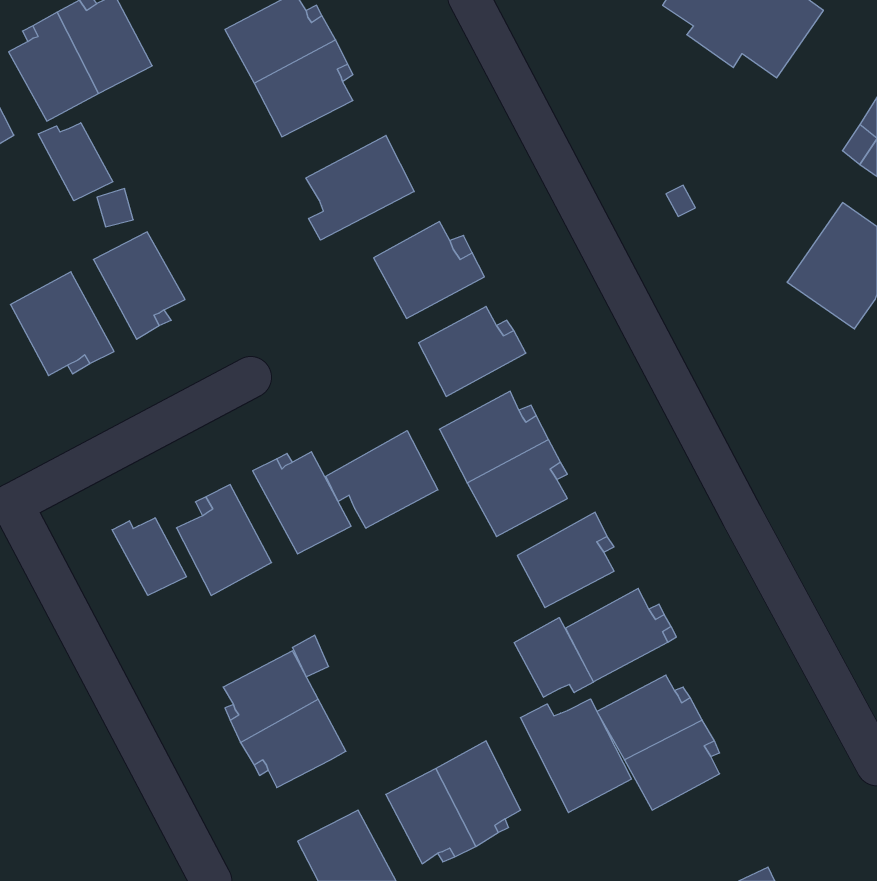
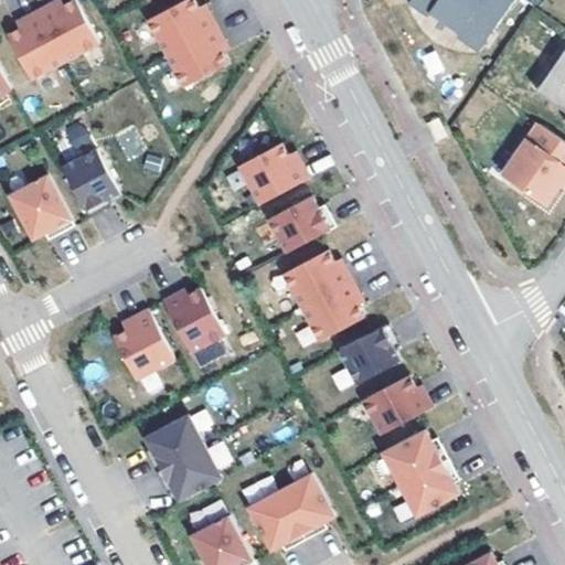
building: [38,123,113,201] -> none
building: [306,135,414,240] -> none
building: [326,431,438,528] -> none
building: [112,518,186,595] -> none
building: [514,618,593,697] -> none
building: [520,699,631,813] -> none

